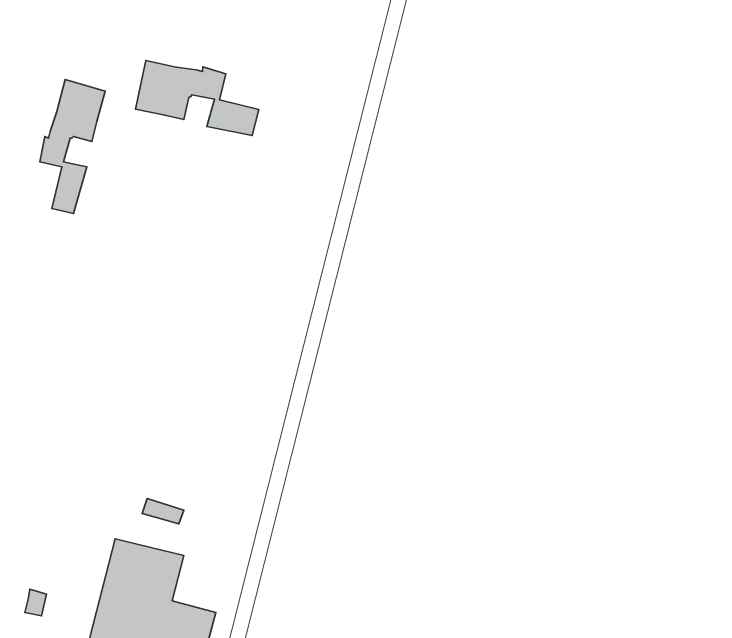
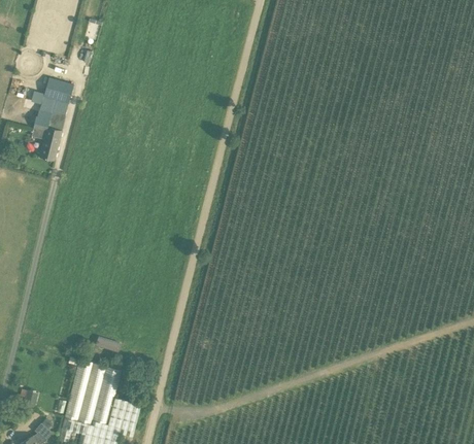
building: [136,60,259,135] -> none

